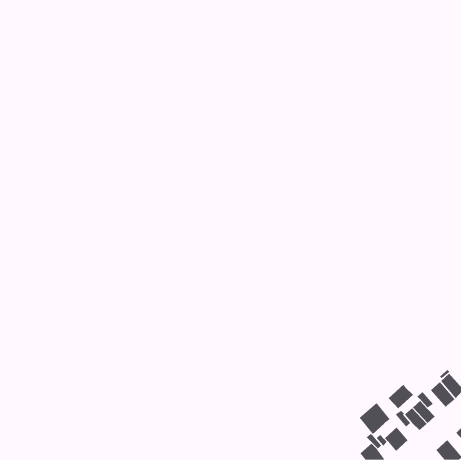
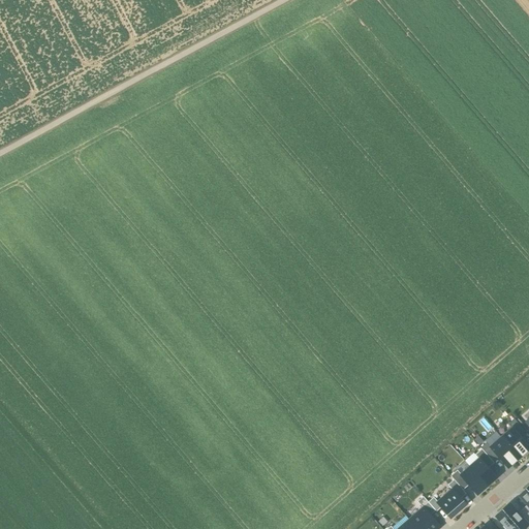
building: [388,384,414,409] -> none
building: [359,402,390,435] -> none

